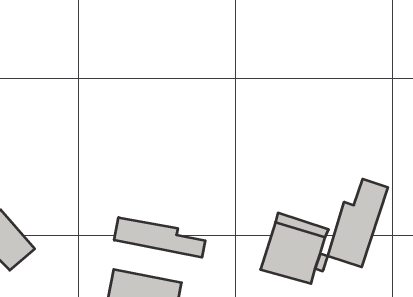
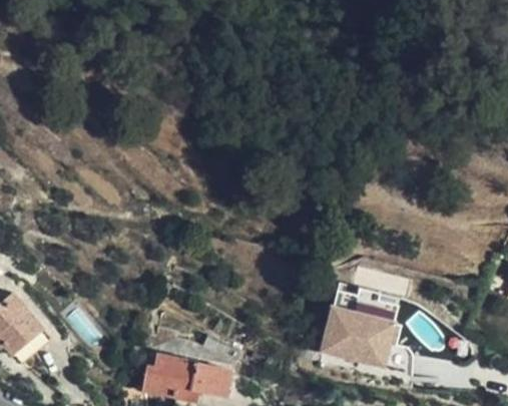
building: [328,179,388,267] -> none
building: [114,217,205,257] -> none

